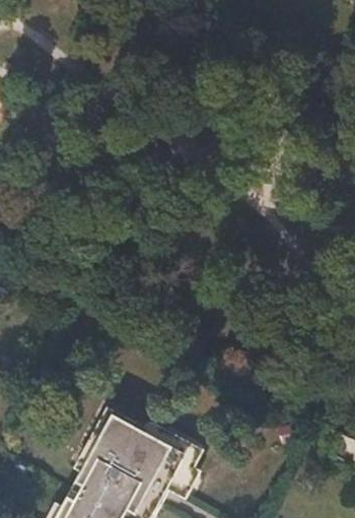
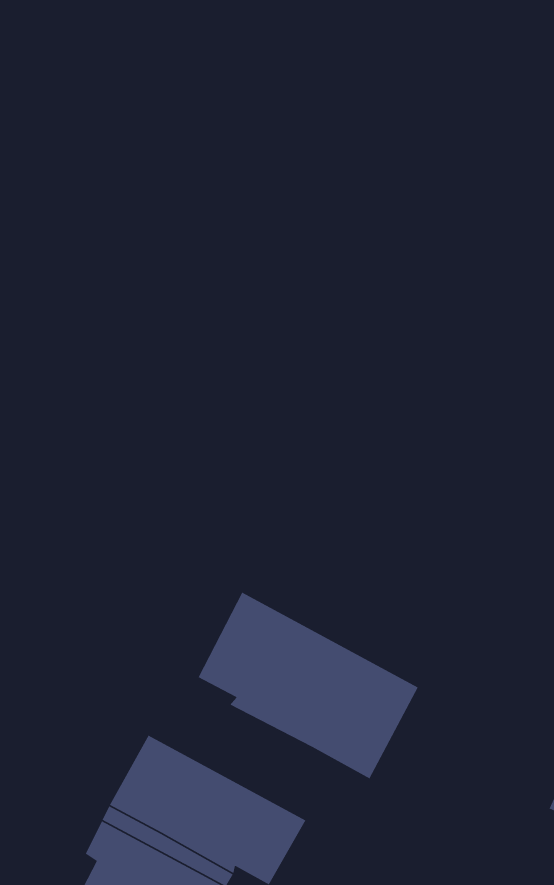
building: none -> [198,591,419,779]

